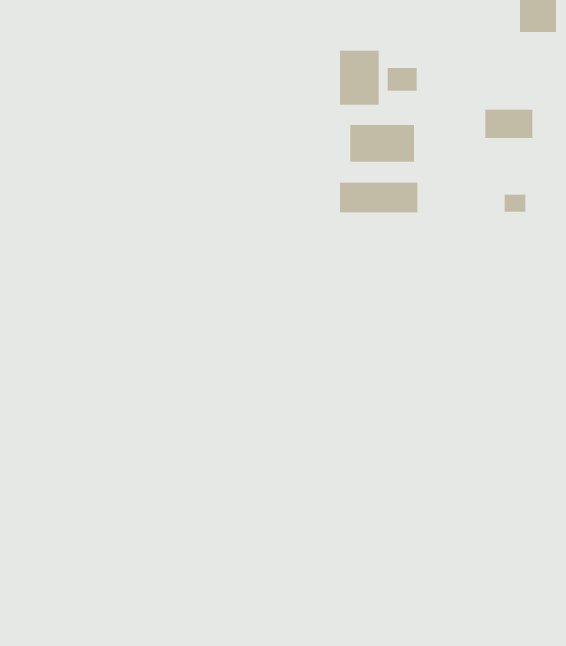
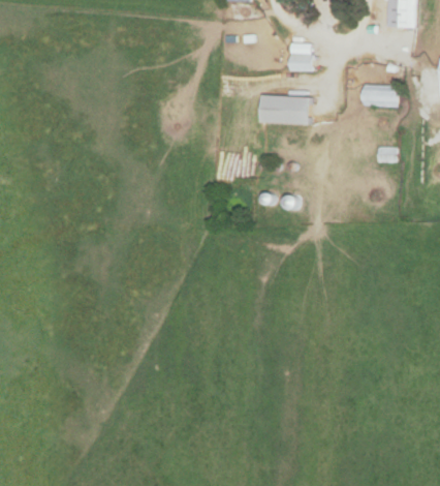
building: [339,50,379,105] -> none
building: [340,182,418,213] -> none

